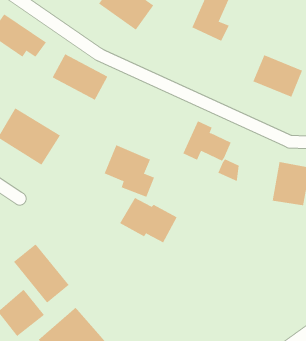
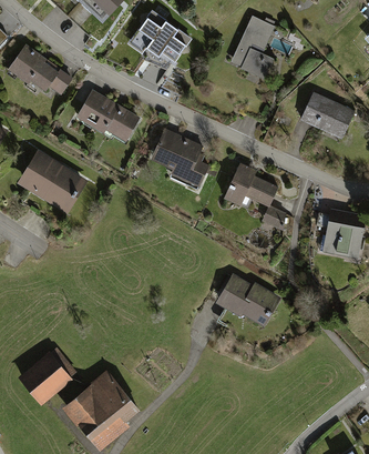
building: [104,144,155,197] -> [151,128,207,186]
building: [119,197,178,243] -> [215,275,279,326]
building: [13,243,69,304] -> none

